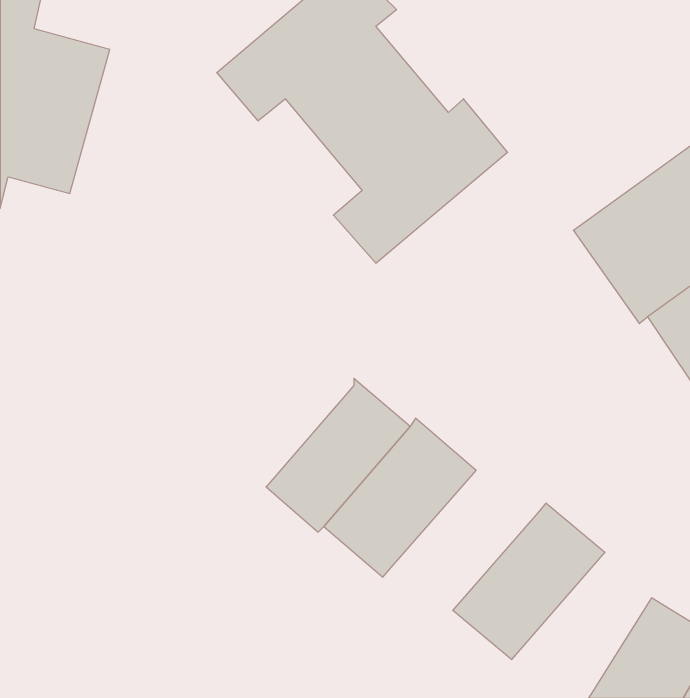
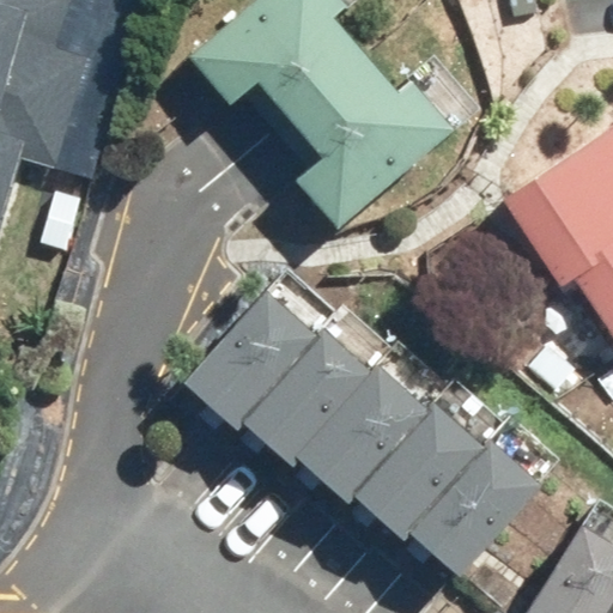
building: none -> [182,289,318,427]
building: none -> [351,405,479,539]

